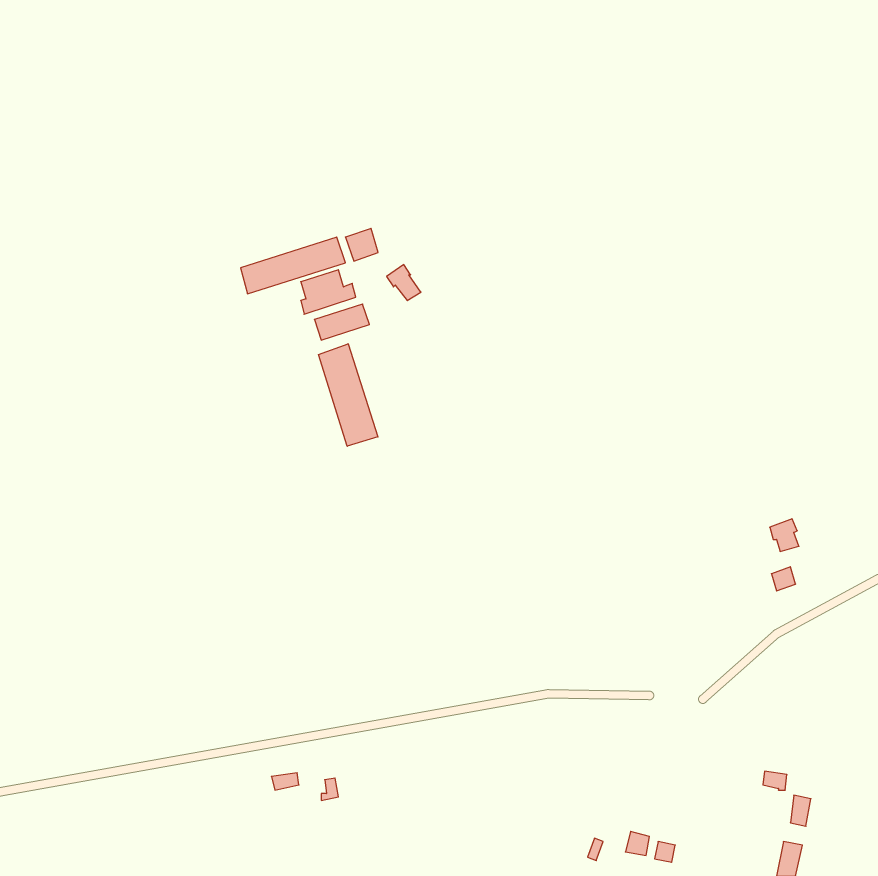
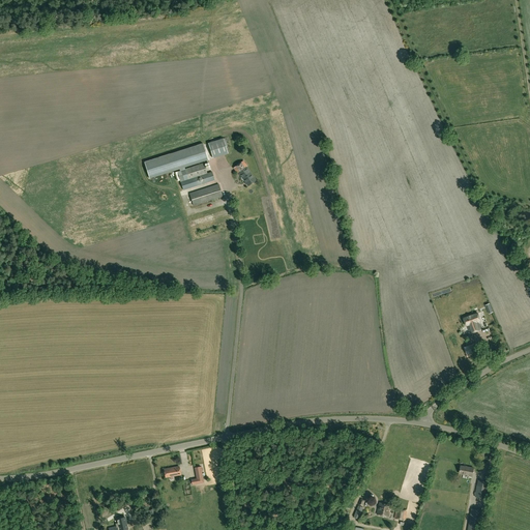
building: [318,344,378,446] -> none

